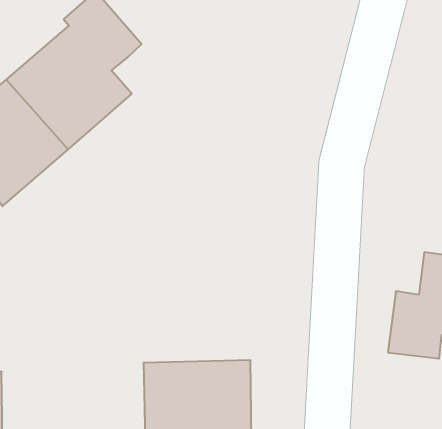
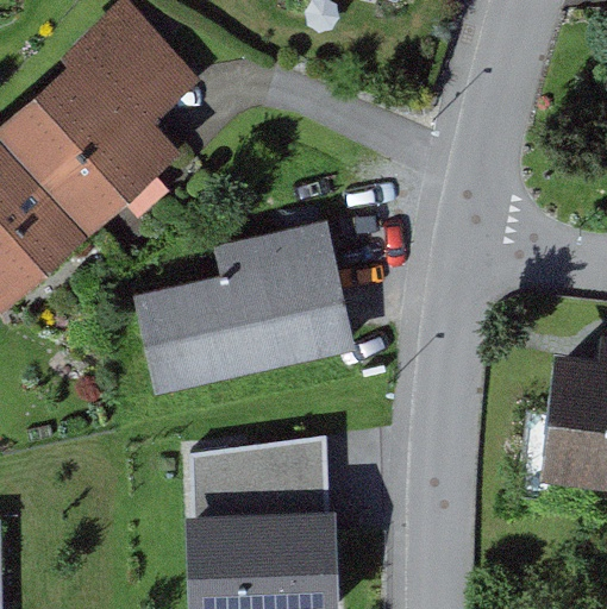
building: none -> [145,230,344,384]
building: none -> [193,432,338,509]

